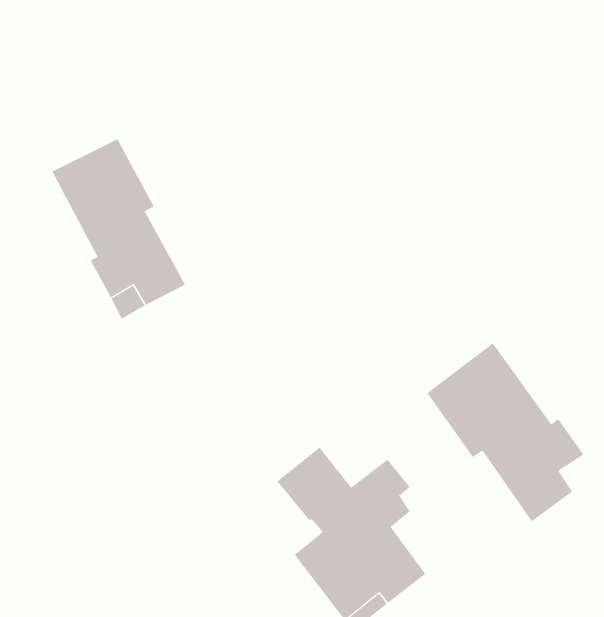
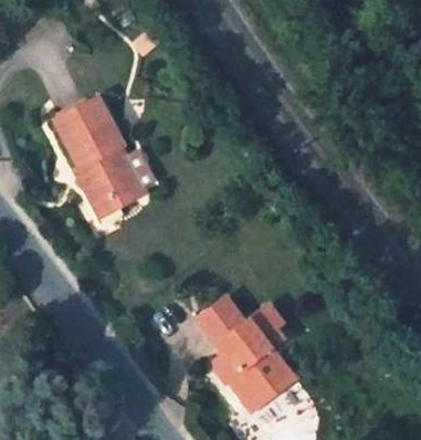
building: [427,342,584,522] -> none

